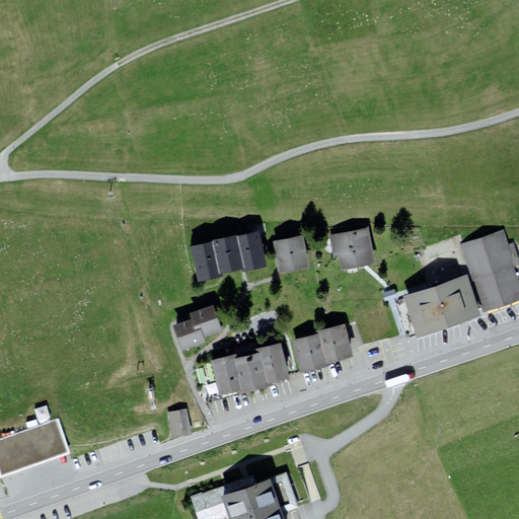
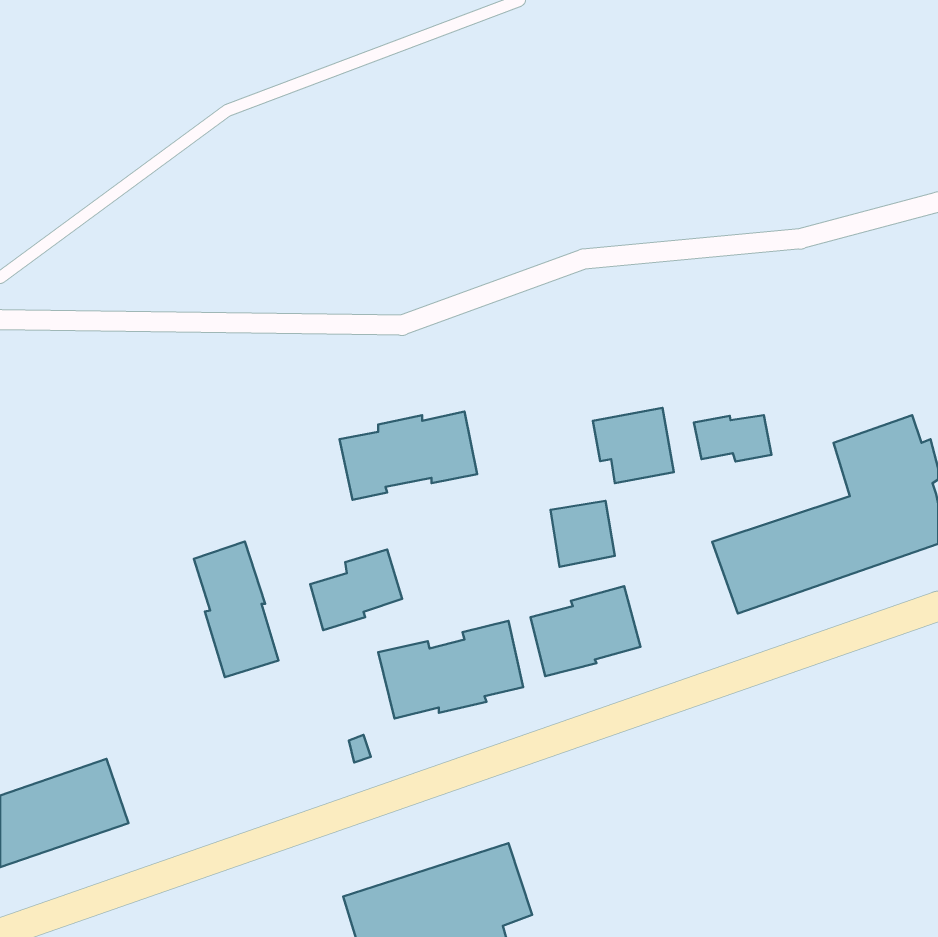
building: none -> [694,415,772,462]
building: [271,233,306,270] -> [550,501,615,567]
building: none -> [194,542,278,677]
building: [167,410,191,438] -> none

